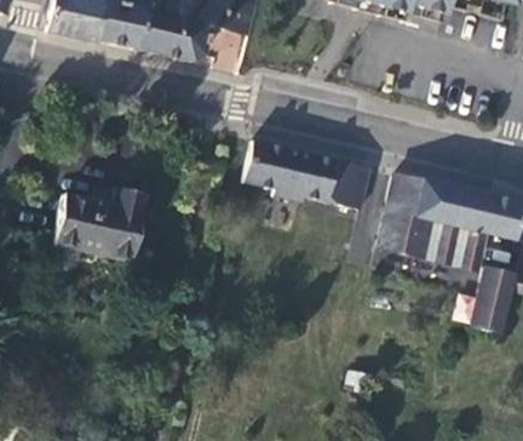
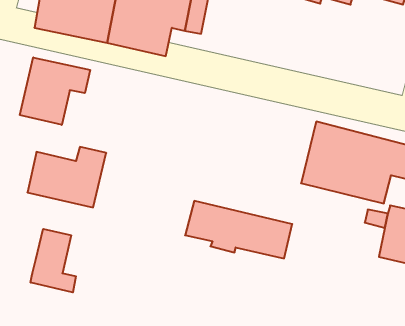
building: none -> [20,57,90,125]
building: [241,130,369,199] -> [185,201,292,258]
building: none -> [31,229,76,292]

